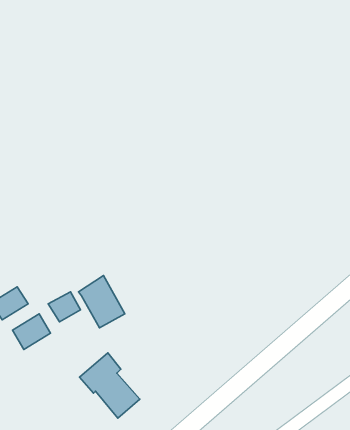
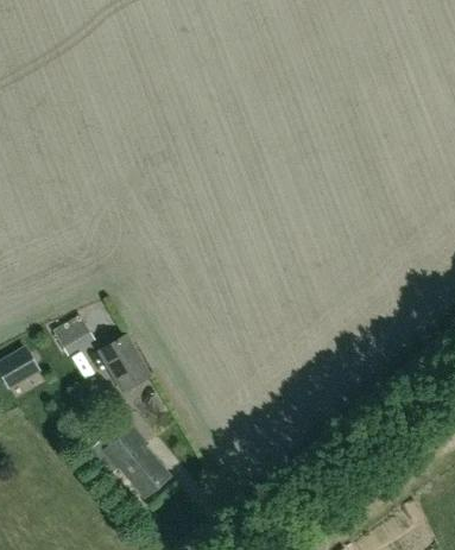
building: [48,292,80,322] -> [55,316,93,352]
building: [12,314,51,350] -> none

